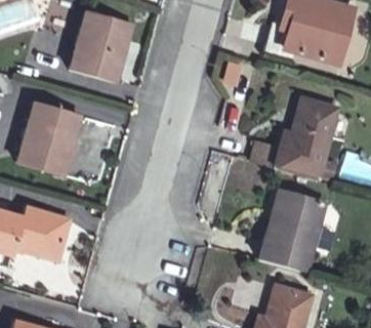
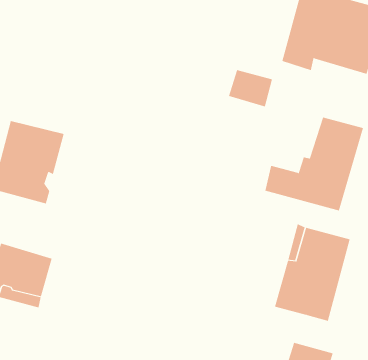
building: [74,11,135,81] -> none

